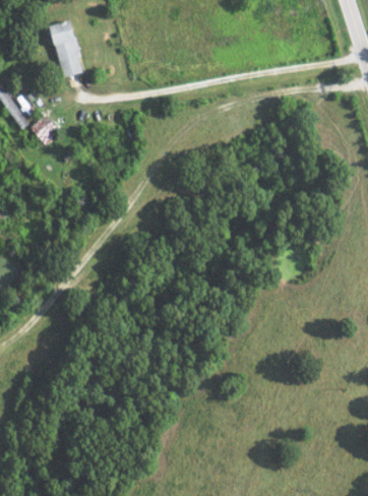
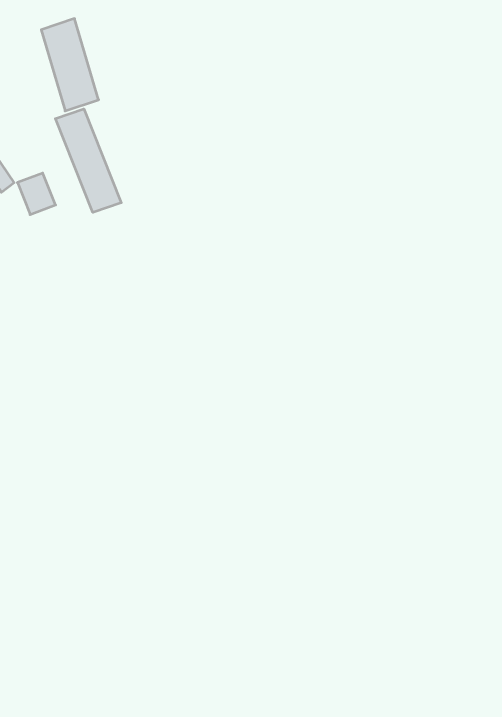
building: none -> [55,109,121,212]

